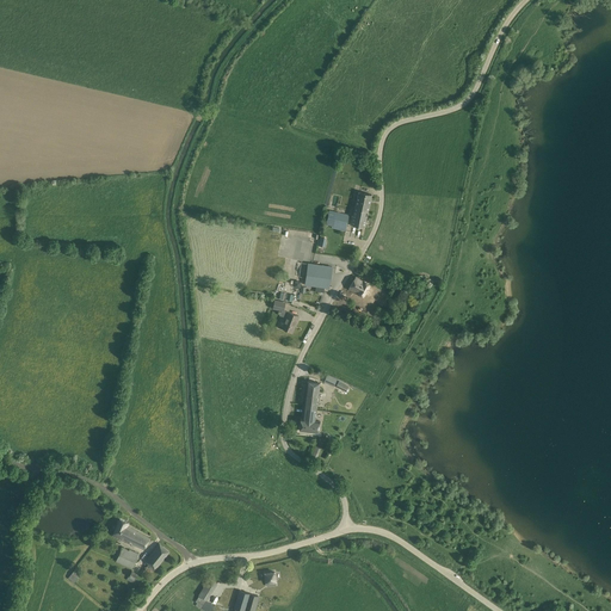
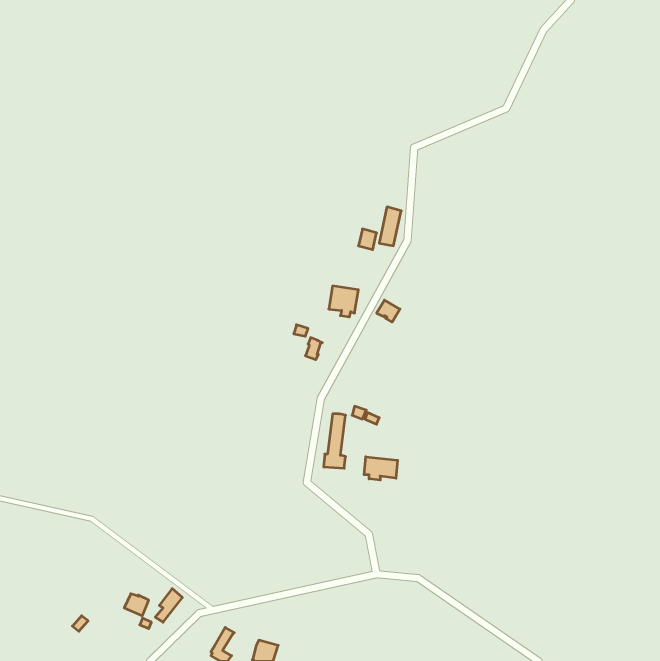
building: none -> [364,457,398,480]
building: [113,519,149,549] -> none

